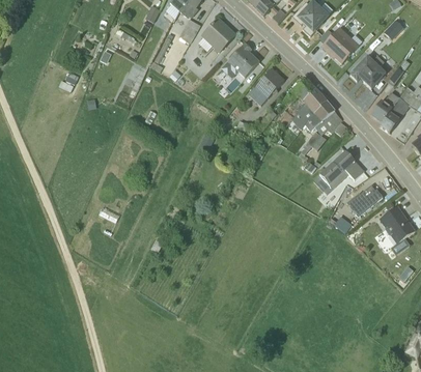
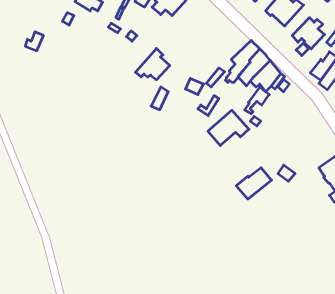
building: [222,42,259,77] -> [135,48,170,80]
building: [249,67,284,105] -> none
building: [319,150,364,189] -> [208,110,249,146]
building: [345,182,384,217] -> [236,168,272,199]

